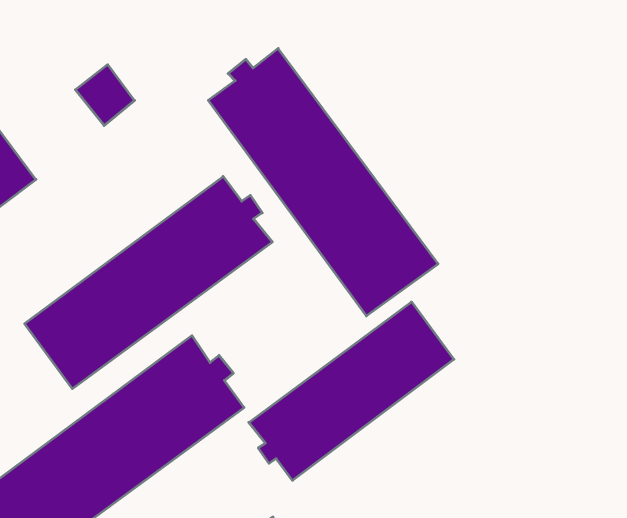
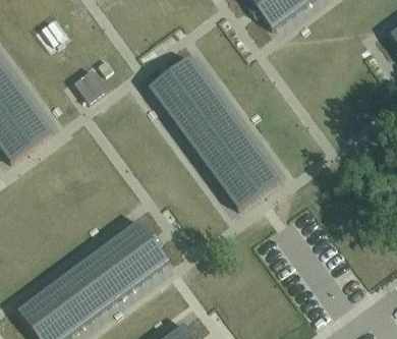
building: [25,176,272,389] -> none
building: [249,302,454,480] -> none

